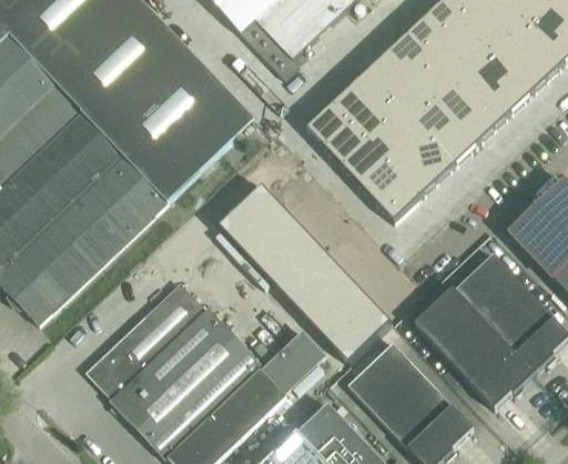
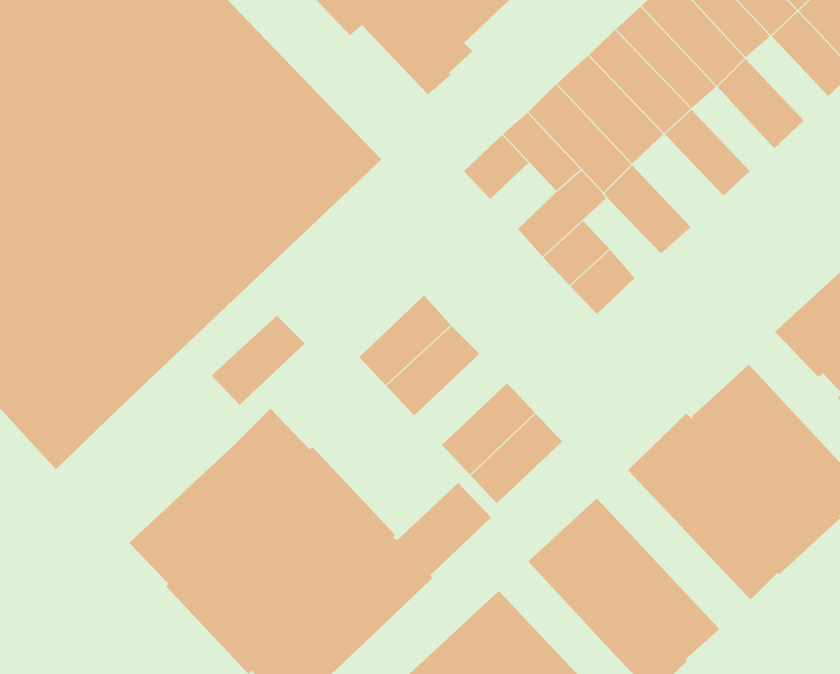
building: [491,37,546,92] -> none
building: [456,70,510,125] -> none
building: [417,101,477,162] -> none
building: [324,120,367,163] -> none
building: [385,143,436,195] -> none
building: [219,188,281,248] -> [211,315,305,406]
building: [274,245,335,305] -> none
building: [328,303,390,364] -> none

